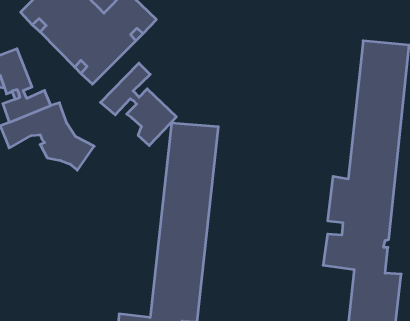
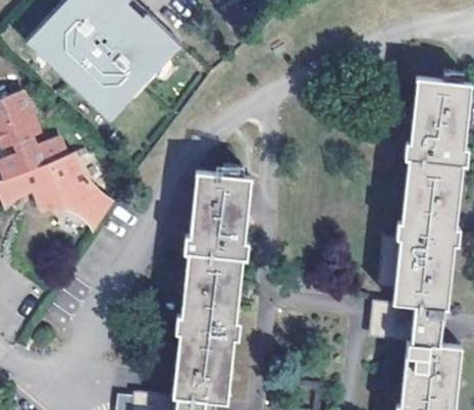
building: [100,63,176,146] -> none

